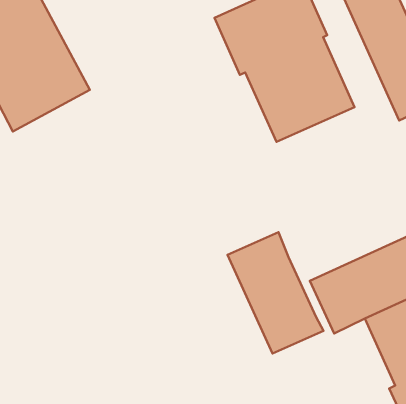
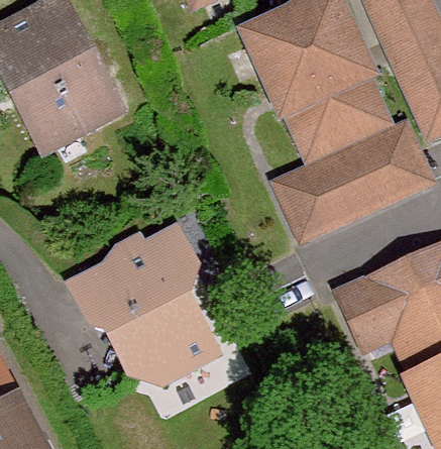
building: none -> [278,130,425,238]
building: none -> [77,232,223,382]
building: [228,232,323,354] -> none

